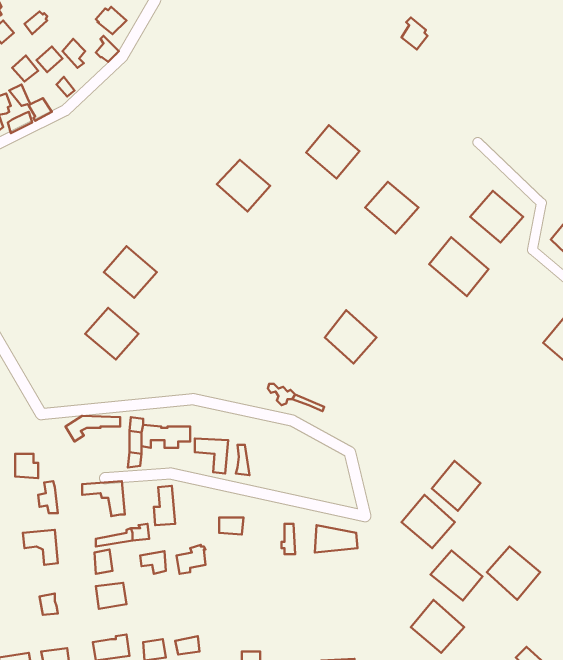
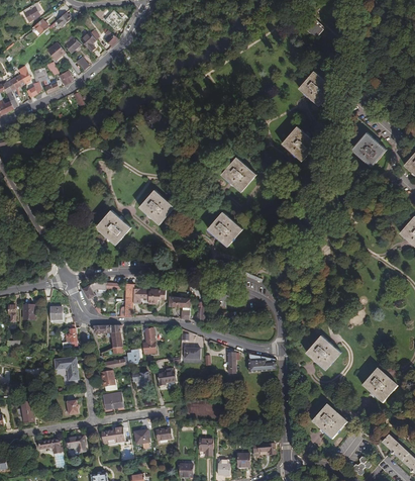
building: [306,125,359,178] -> [299,70,334,105]
building: [217,160,270,212] -> [221,157,256,191]
building: [429,237,489,296] -> none
building: [104,246,157,298] -> [139,189,175,223]
building: [325,310,376,363] -> [208,210,242,246]
building: [432,461,481,511] -> none
building: [431,550,482,601] -> none

